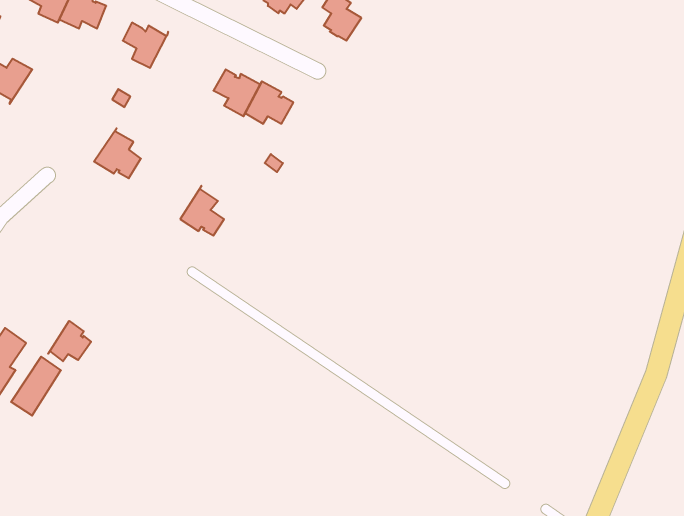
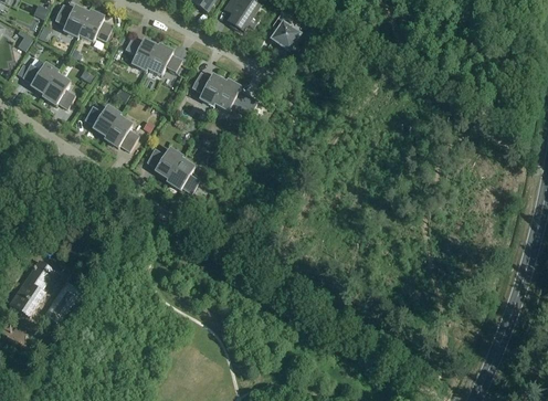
building: none -> [145,44,182,75]
building: none -> [42,71,75,108]
building: none -> [84,105,120,138]
building: none -> [146,147,182,180]
building: [48,321,91,361] -> none

